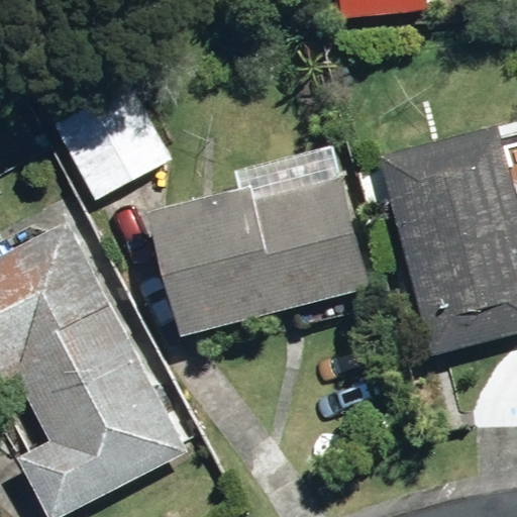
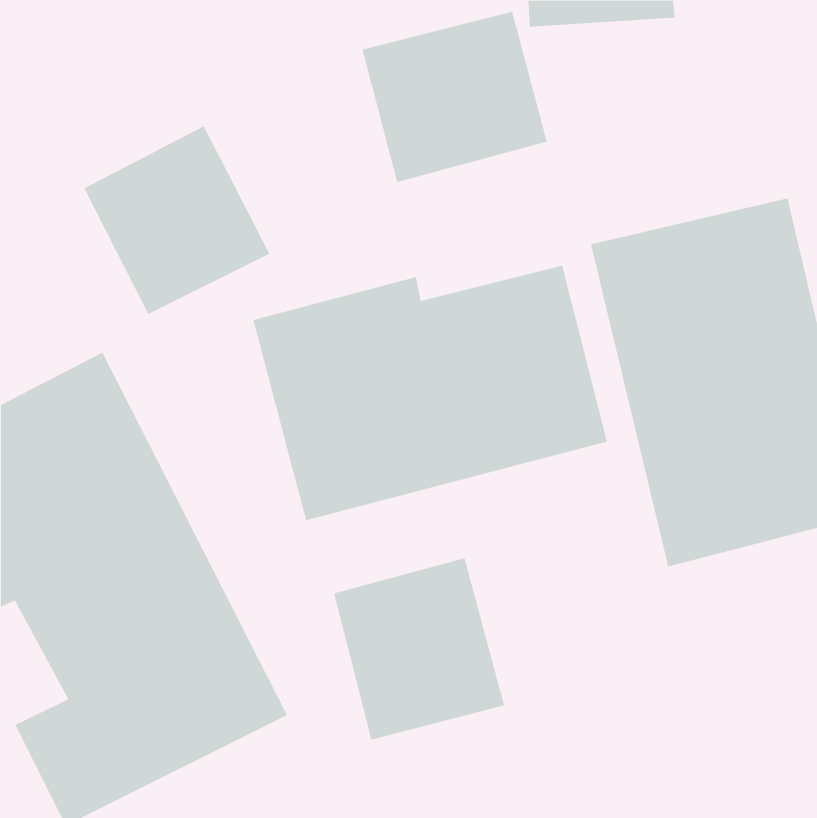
building: none -> [362,11,548,183]
building: none -> [333,558,505,741]

